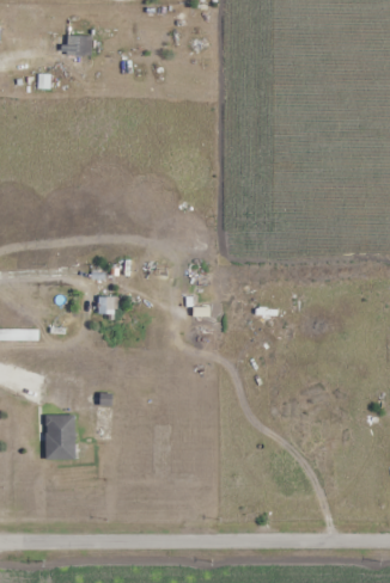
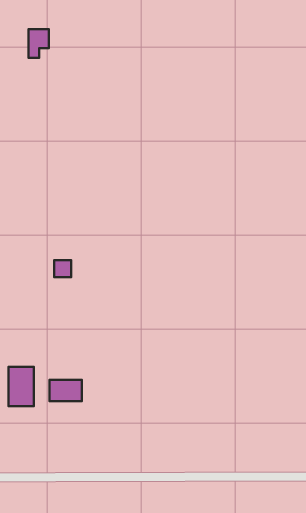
building: none -> [50,380,82,401]

